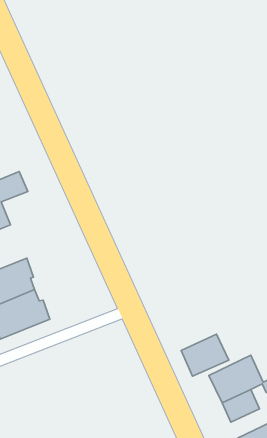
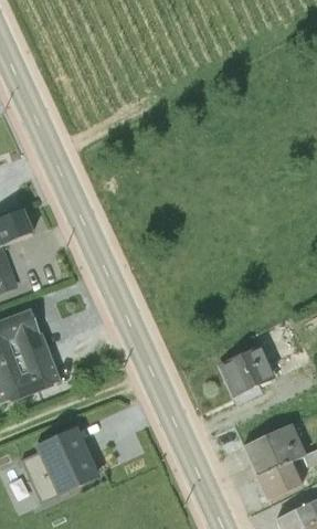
building: [181,334,229,376] -> [222,346,277,394]
building: none -> [22,427,98,504]

